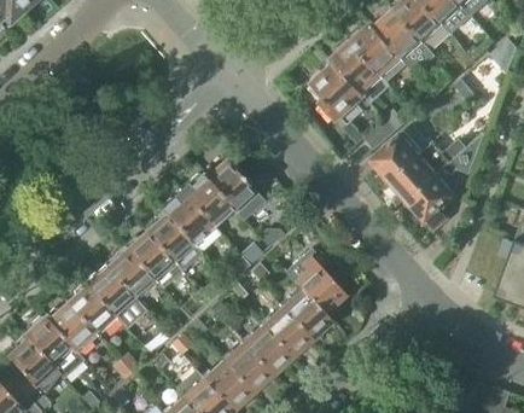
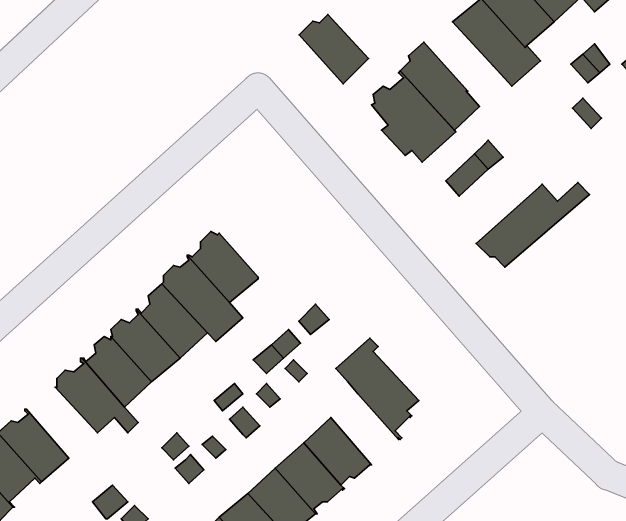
building: [350,24,400,74] -> [299,14,368,84]
building: [373,123,432,182] -> none
building: [408,133,485,226] -> none
building: [204,161,256,211] -> none
building: [66,285,117,336] -> none
building: [284,290,332,341] -> none

